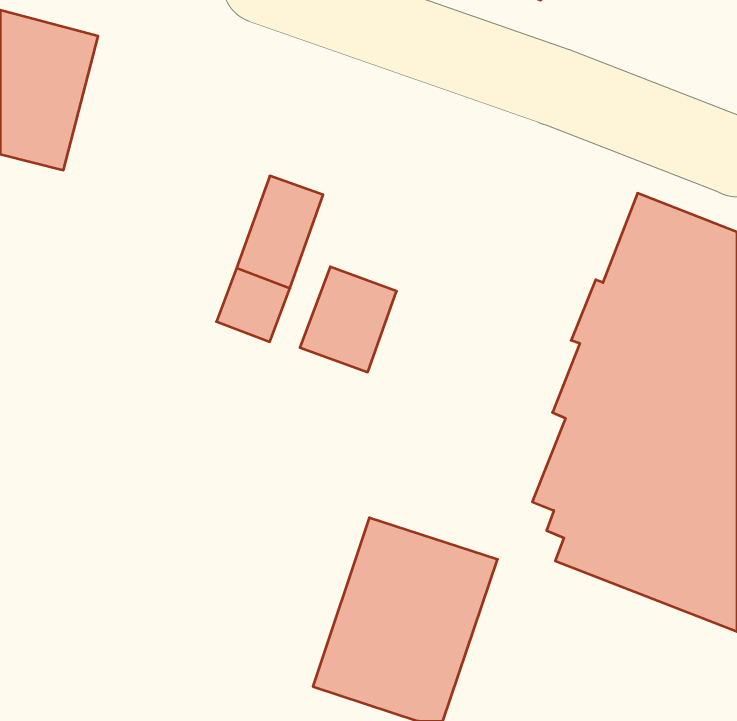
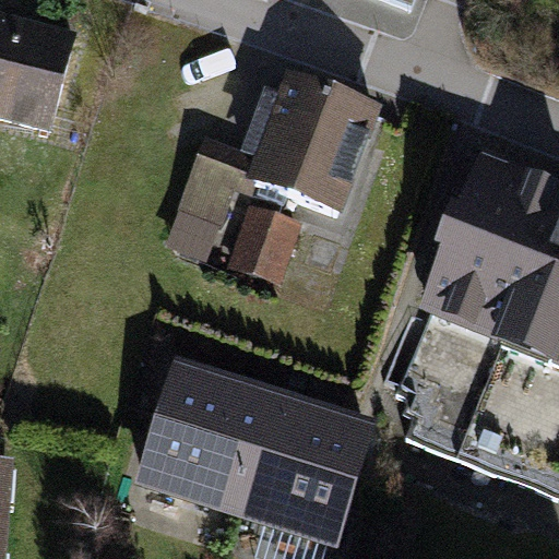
building: none -> [245,72,380,216]
building: none -> [134,358,280,520]

